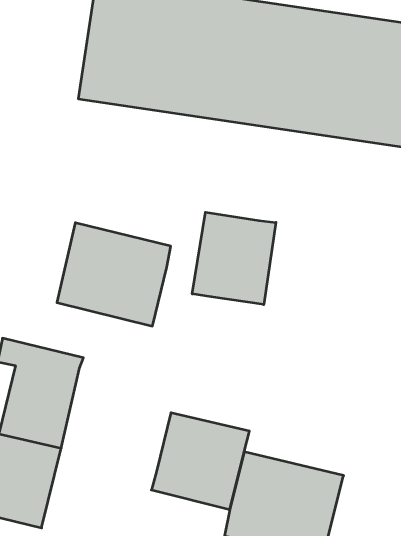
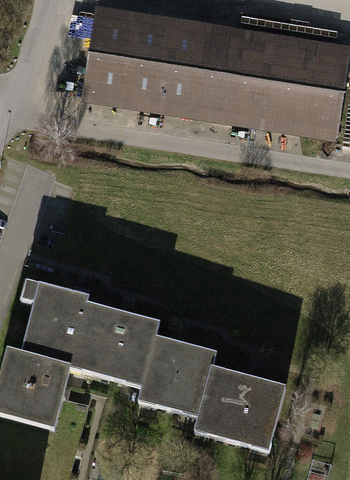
building: [192,212,276,305] -> none
building: [57,223,171,326] -> [69,306,156,385]

